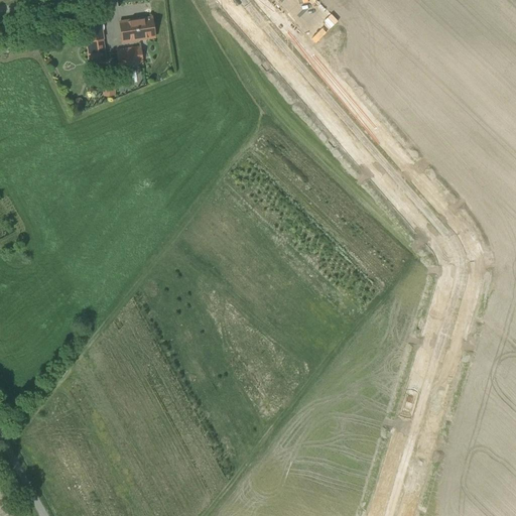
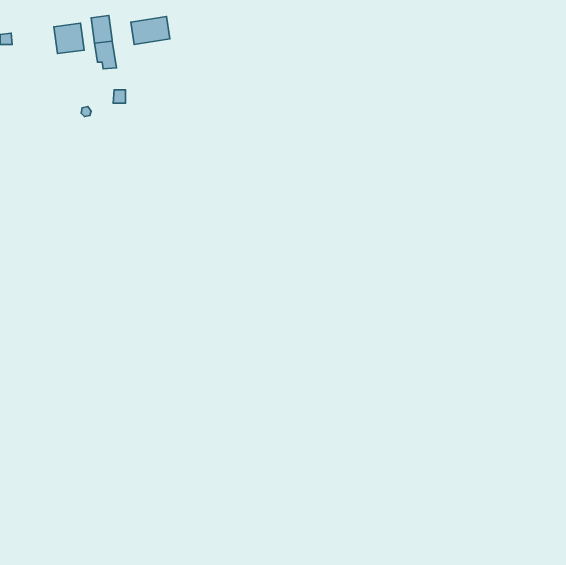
building: none -> [54,23,84,54]
building: [117,45,143,64] -> none

